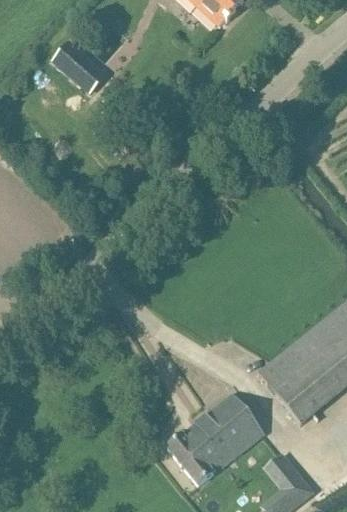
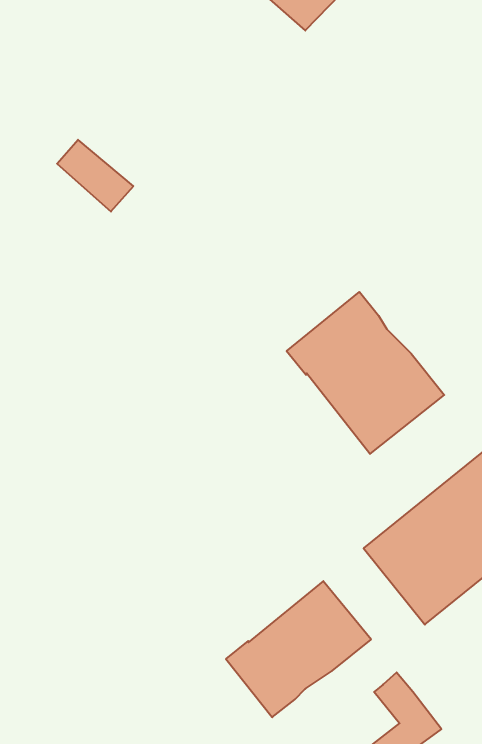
building: [54,43,105,91] -> [57,140,133,212]
building: none -> [287,292,444,454]

